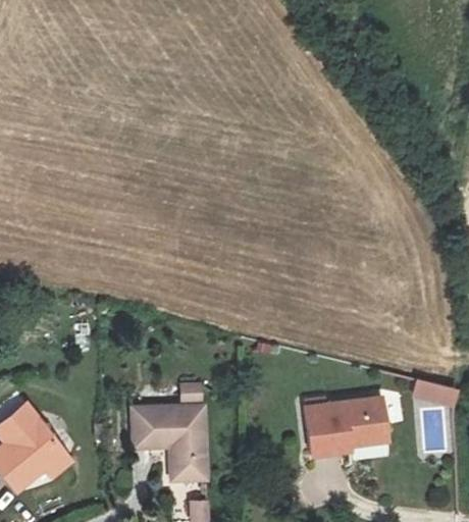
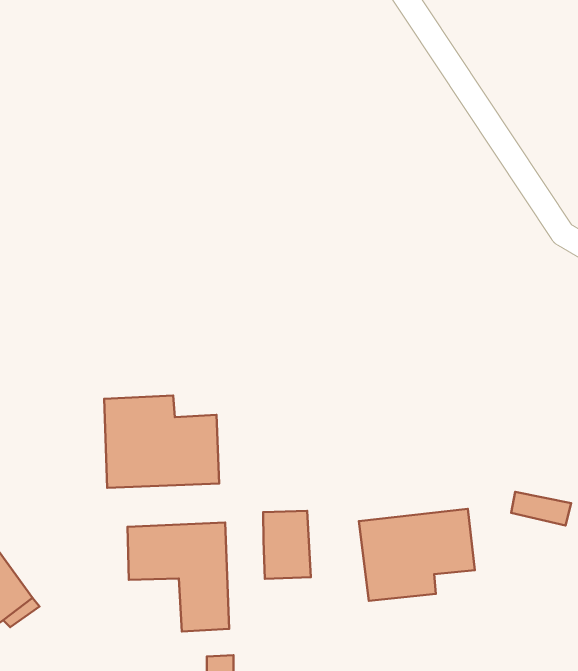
building: none -> [104,395,219,488]
building: none -> [263,511,311,579]

